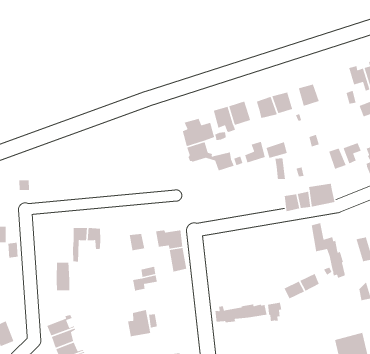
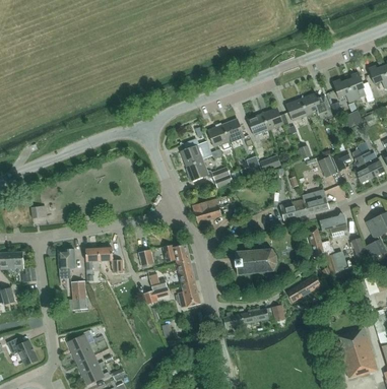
building: none -> [301,92,332,119]
building: none -> [193,198,222,222]
building: none -> [319,213,347,234]
building: none -> [58,250,75,278]
building: none -> [235,250,277,274]
building: [127,309,151,337] -> [178,280,201,308]

